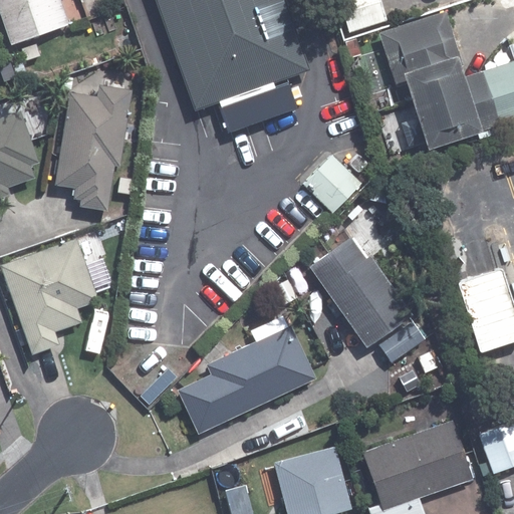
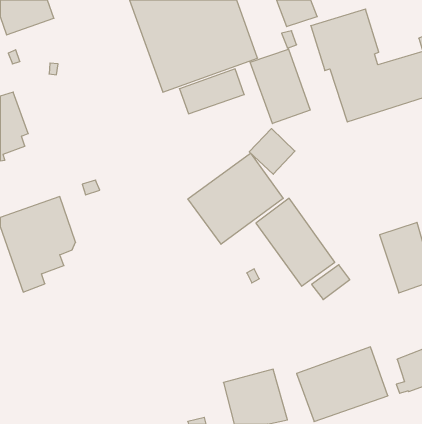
building: none -> [250,49,310,124]
building: [56,75,132,210] -> none
building: none -> [188,153,283,244]
building: [177,324,315,434] -> none

